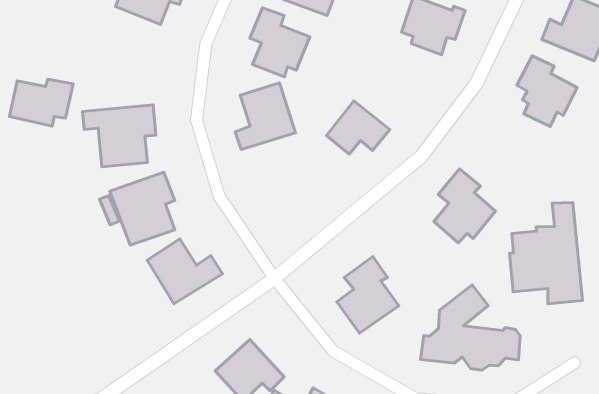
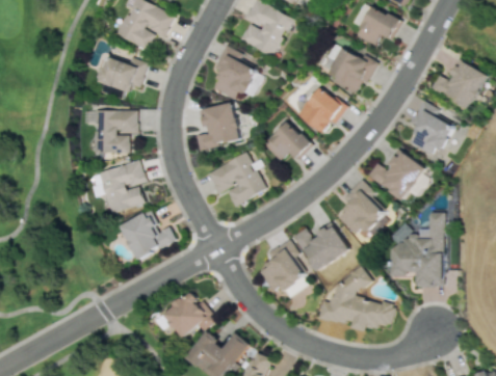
building: none -> [296,87,345,133]
building: [9,79,73,126] -> [97,56,147,92]
building: none -> [367,150,425,200]
building: none -> [206,153,265,206]
building: none -> [292,223,348,272]

